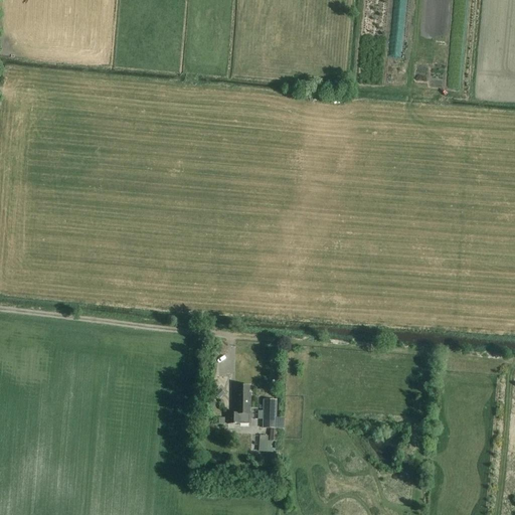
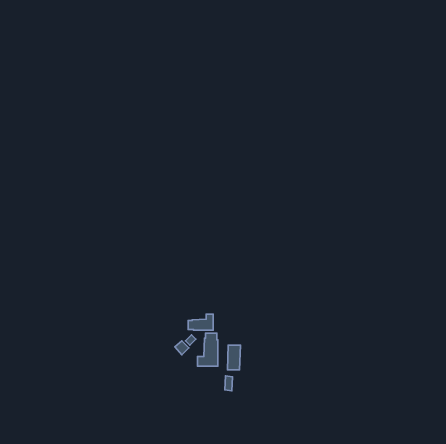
building: none -> [188,314,213,330]

